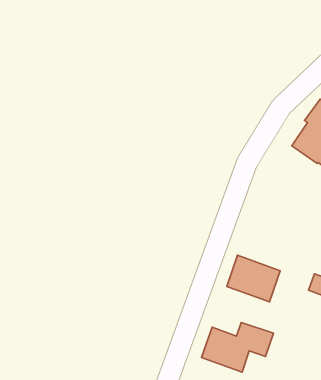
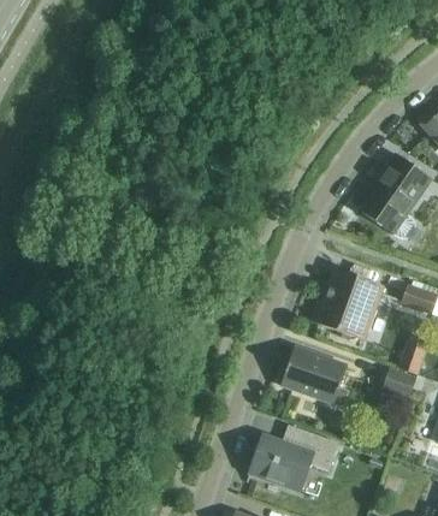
building: none -> [310,267,384,339]

